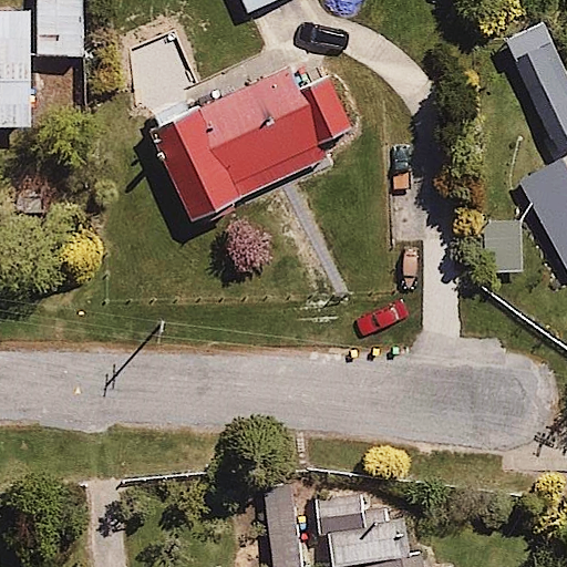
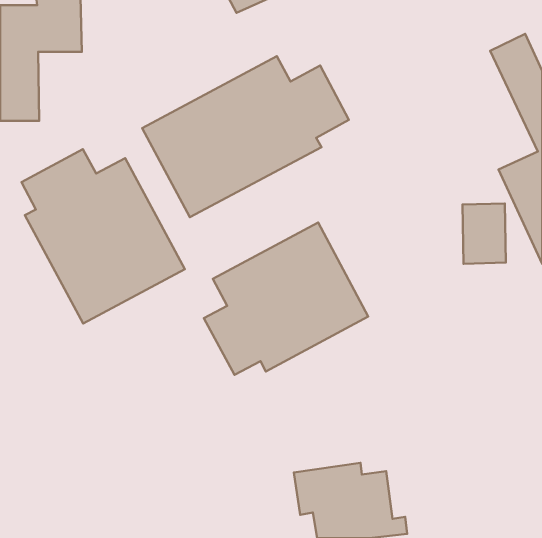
building: none -> [22,149,185,323]
building: none -> [204,223,368,375]

